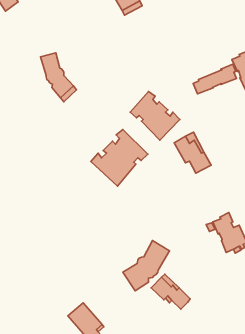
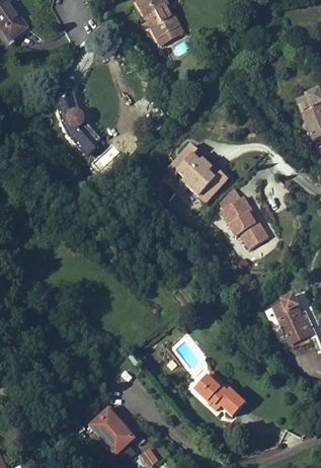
building: [193,64,236,94] -> none
building: [91,129,148,186] -> none
building: [123,241,170,291] -> none

